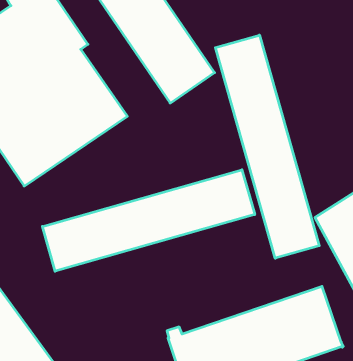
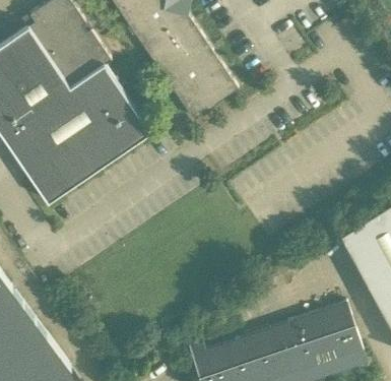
building: [215,35,319,258] -> none
building: [42,170,255,271] -> none

